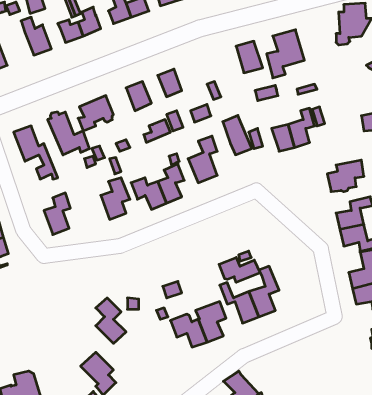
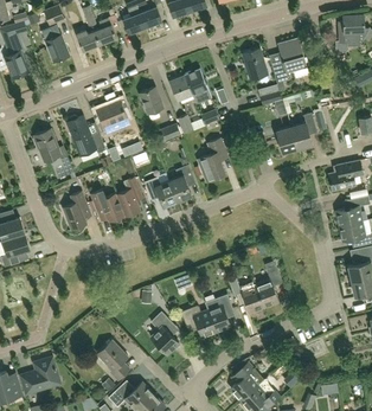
building: [223,115,252,155] -> [185,70,212,107]
building: none -> [89,190,124,223]
building: [219,257,260,282] -> none
building: [96,298,126,343] -> [150,313,179,355]

